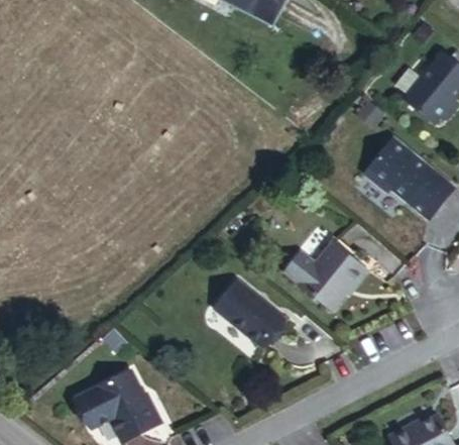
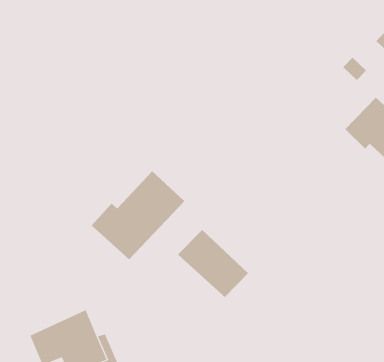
building: none -> [91,171,185,260]
building: [283,245,365,312] -> none

